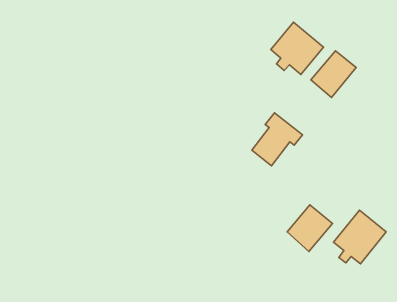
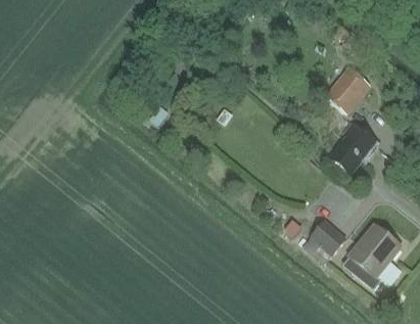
building: [271,22,323,75] -> none
building: [252,113,302,166] -> [331,121,381,173]

